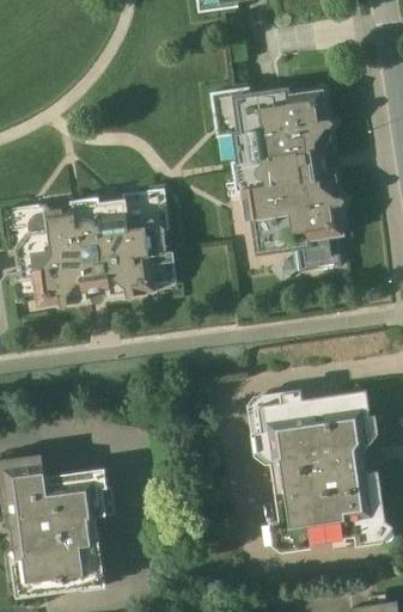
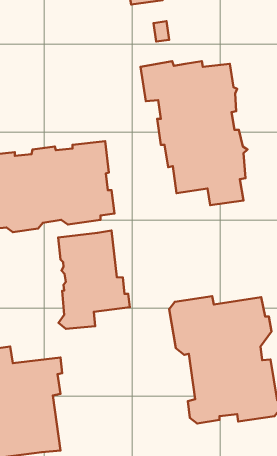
building: none -> [58,231,130,329]

